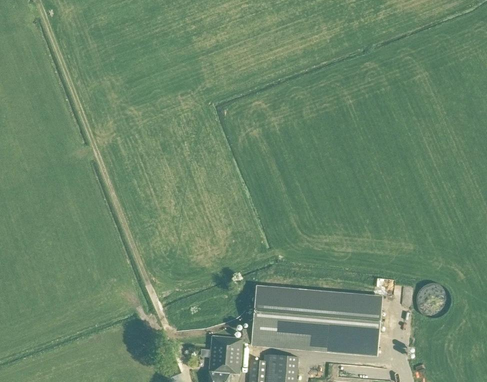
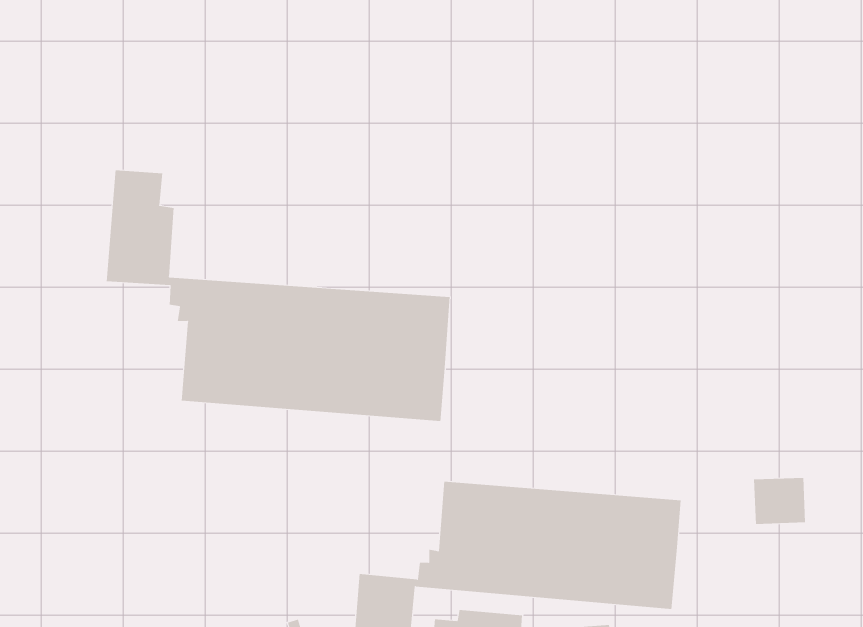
building: none -> [106,169,450,422]

